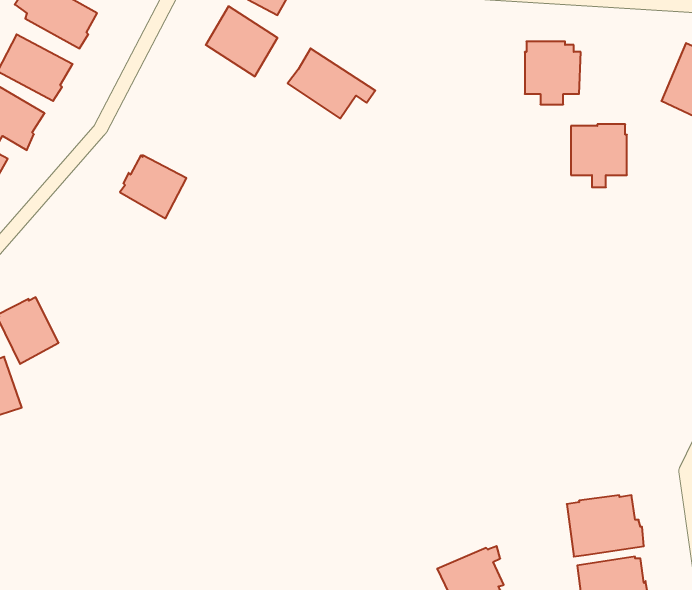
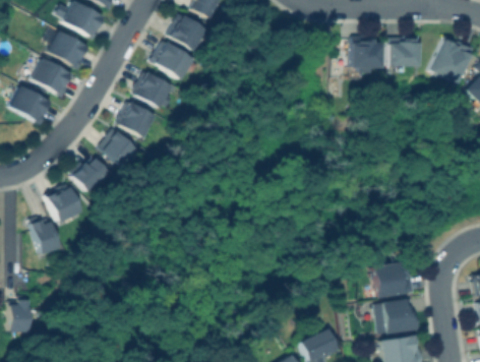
building: [288,48,375,118] -> [148,42,199,82]
building: none -> [133,71,173,108]
building: [571,124,627,187] -> [388,37,421,73]
building: none -> [98,128,139,167]
building: none -> [70,158,107,191]
building: none -> [371,260,414,297]

